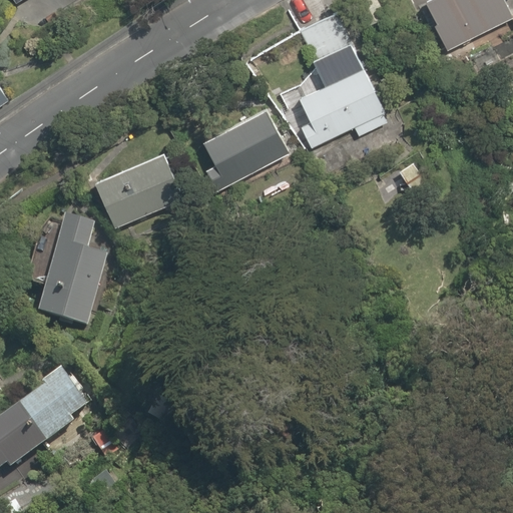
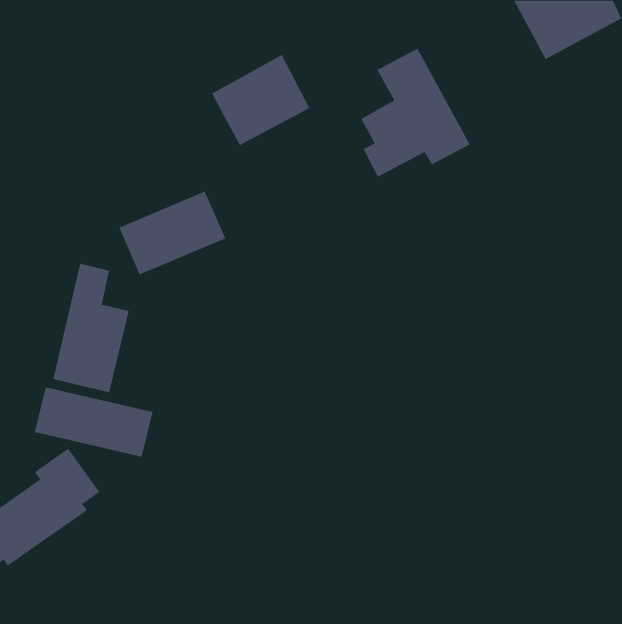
building: [205,102,287,177] -> [211,54,310,146]
building: none -> [34,386,153,458]

